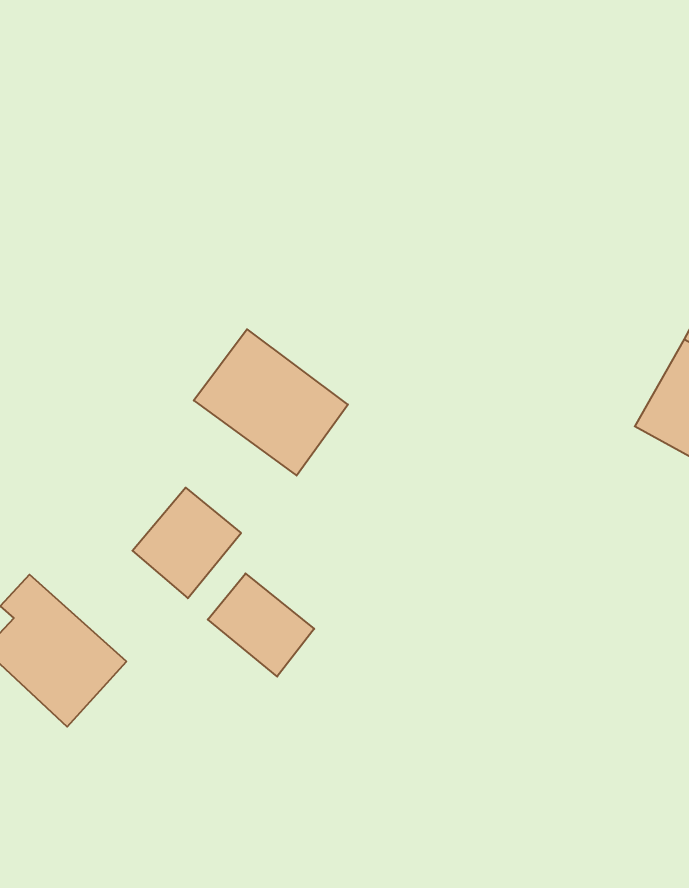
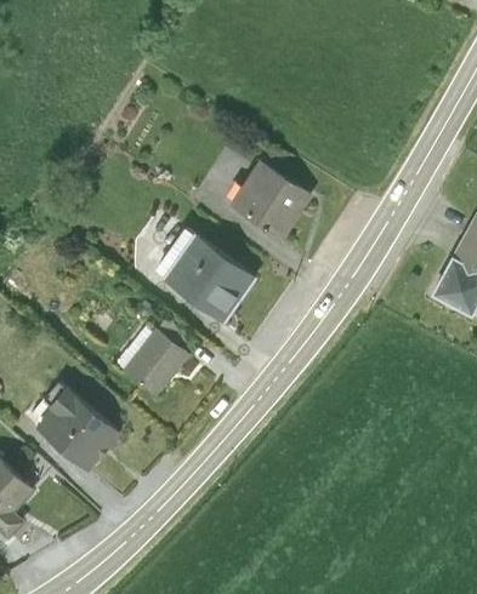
building: none -> [229,160,312,240]
building: [208,573,314,677] -> none

